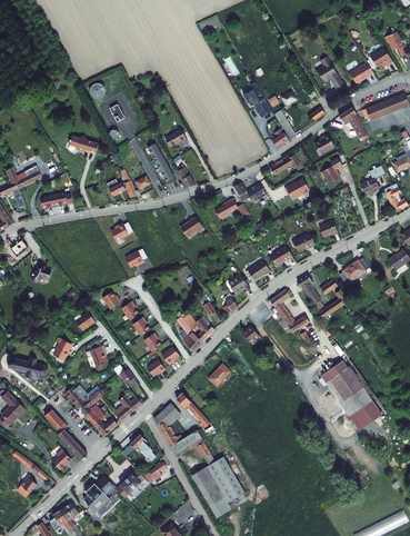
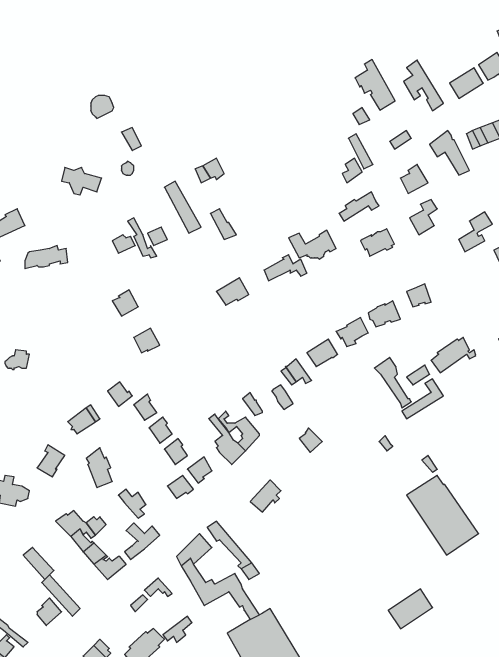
building: [246,81,274,118] -> [355,60,395,110]
building: [272,289,310,332] -> none
building: [350,401,382,430] -> [388,589,433,629]

